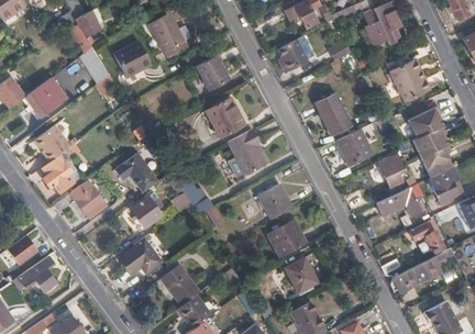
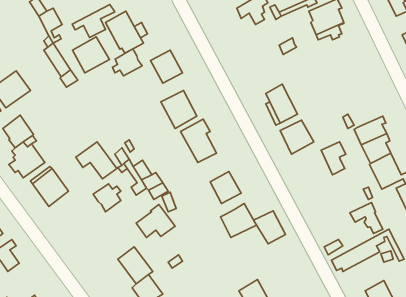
building: none -> [72,4,115,38]
building: [283,38,308,68] -> none
building: none -> [112,49,142,76]
building: [385,62,423,102] -> none
building: [408,105,443,137] -> none
building: [376,186,422,216] -> none
building: [119,237,161,272] -> [136,205,175,237]
building: [283,257,317,292] -> [254,211,285,244]

